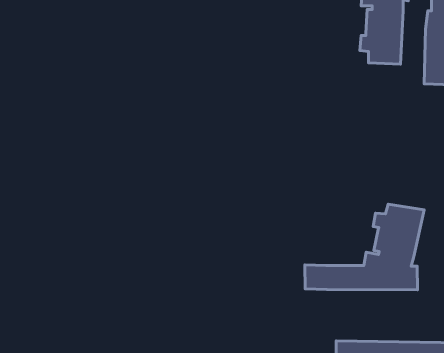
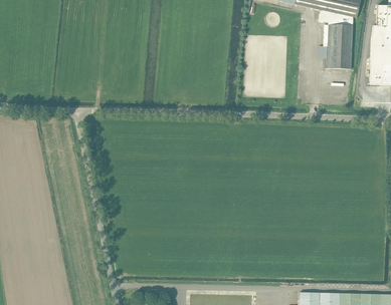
building: [305,204,424,290] -> none

